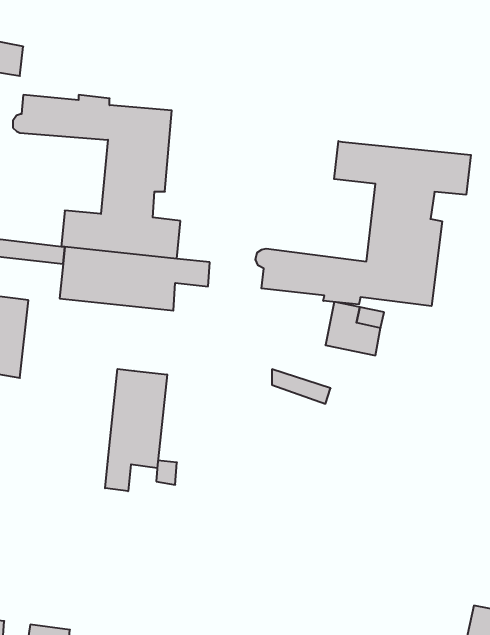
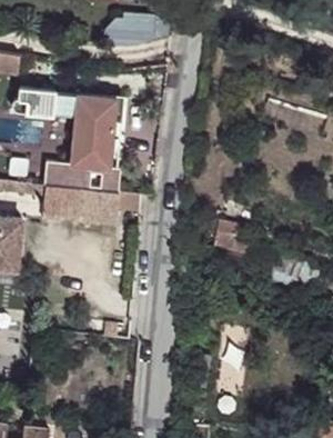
building: [256,141,471,306] -> none
building: [105,369,167,491] -> none

